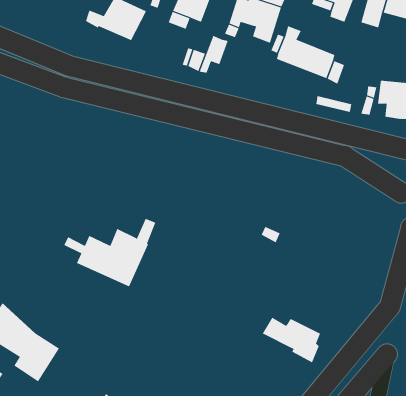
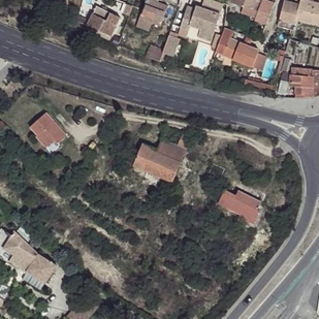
building: none -> [30,113,66,147]
building: [64,218,156,287] -> [123,131,191,182]
building: [262,317,321,363] -> [217,190,260,224]

